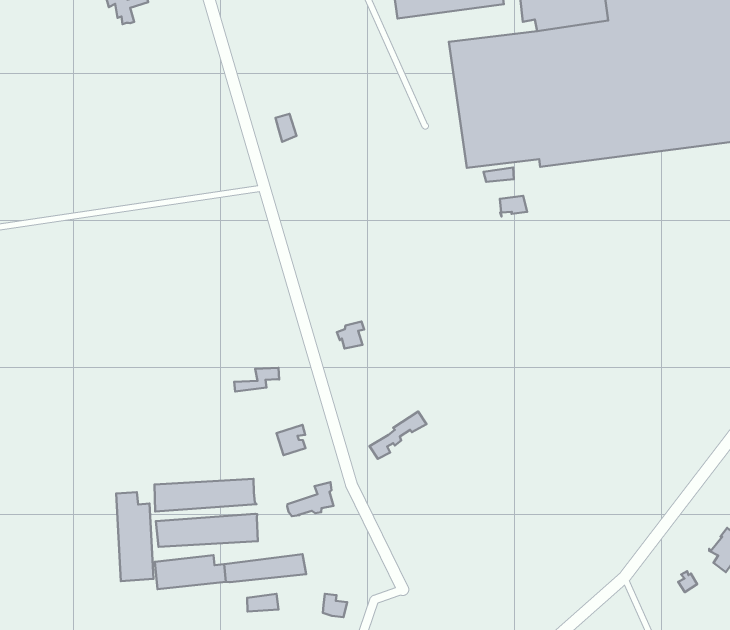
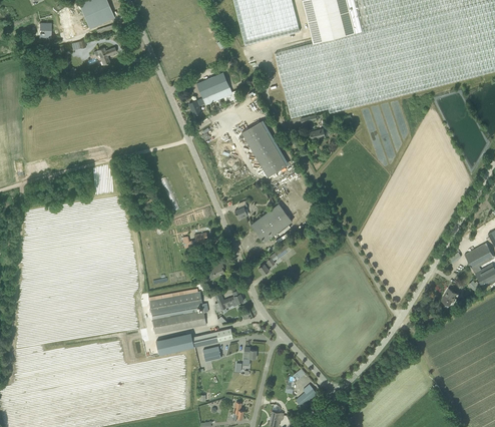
building: none -> [196,72,232,104]
building: none -> [241,121,287,176]
building: none -> [251,203,293,242]
building: [116,492,153,581] -> none

